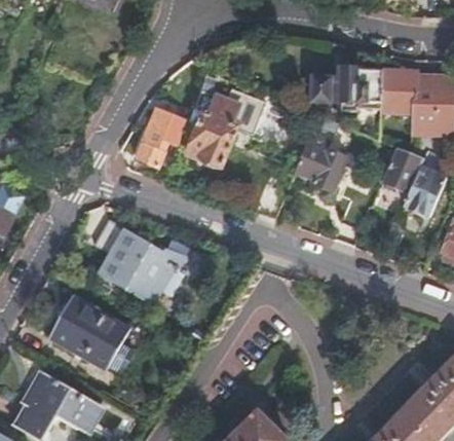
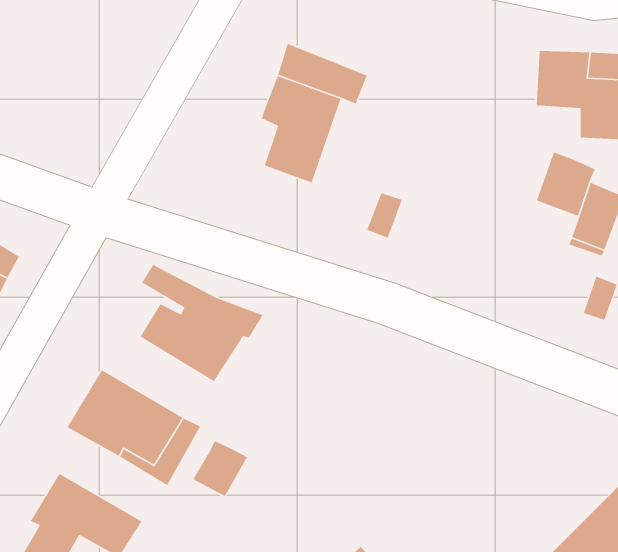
building: [315,68,380,111] -> none
building: [137,104,186,162] -> none
building: [289,139,343,188] -> none
building: none -> [192,440,248,497]

